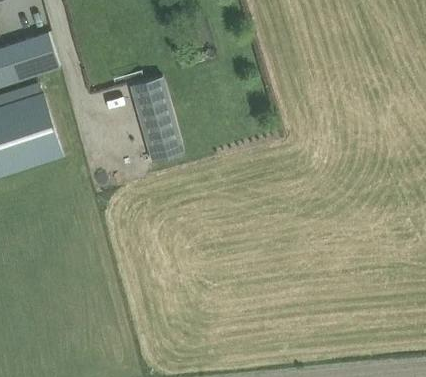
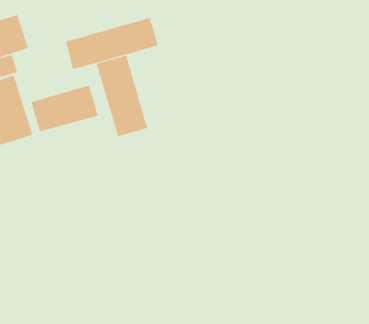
building: none -> [65,17,159,70]
building: none -> [31,85,98,132]

